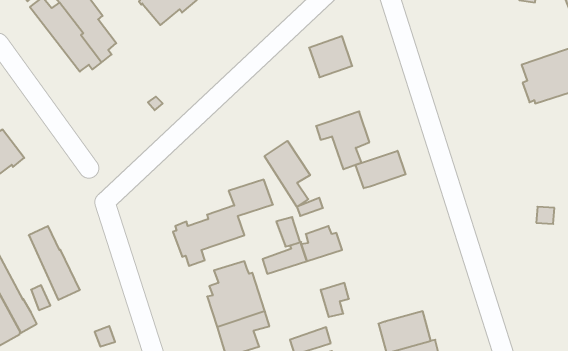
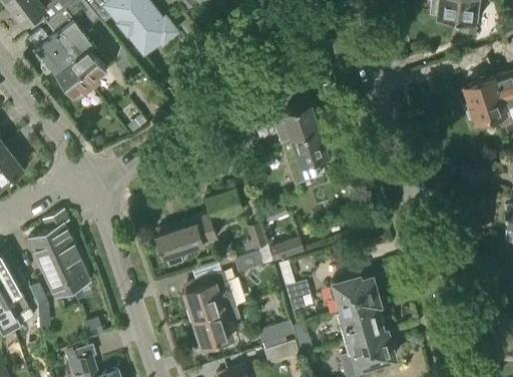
building: [309,36,352,77] -> [281,103,319,139]
building: [265,141,310,207] -> none
building: [356,151,406,188] -> none
building: none -> [42,210,89,287]
building: none -> [327,277,380,315]

